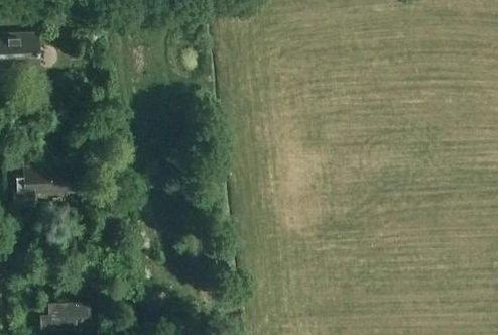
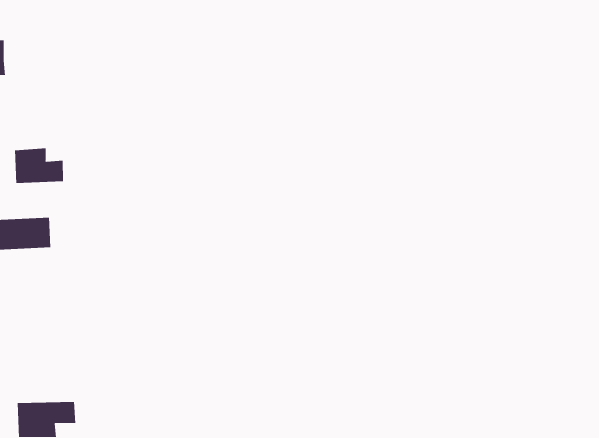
building: none -> [15,147,63,184]

